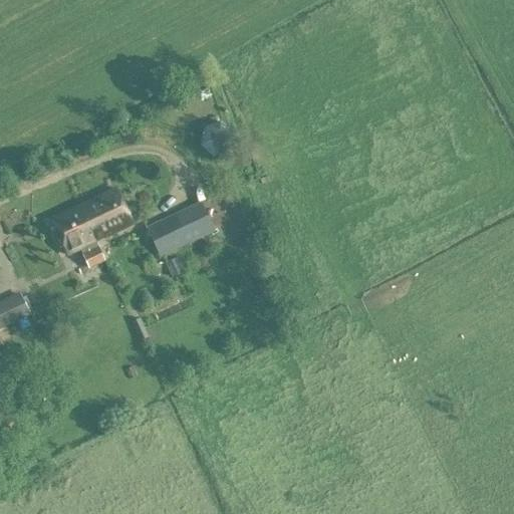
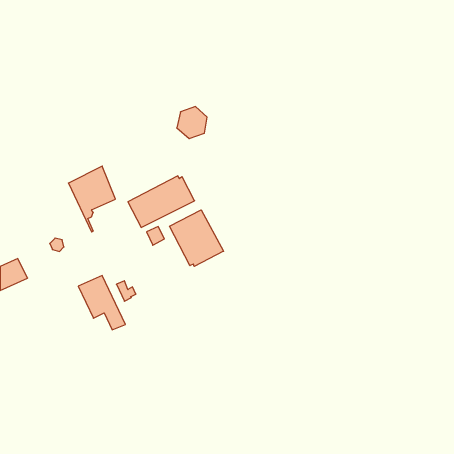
building: [50,207,103,268] -> [78,276,125,330]
building: none -> [170,210,224,266]

